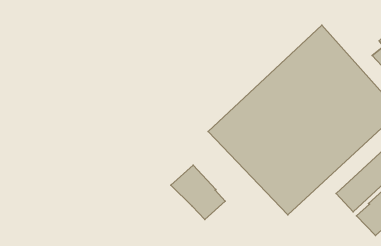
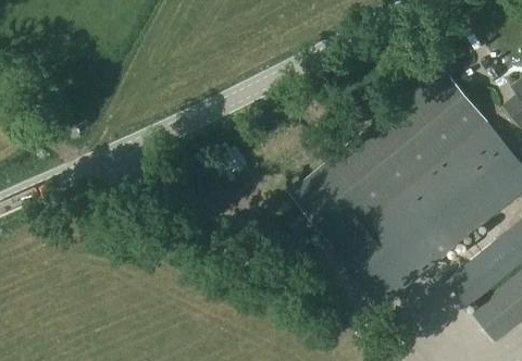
building: [171,165,225,220] -> none

